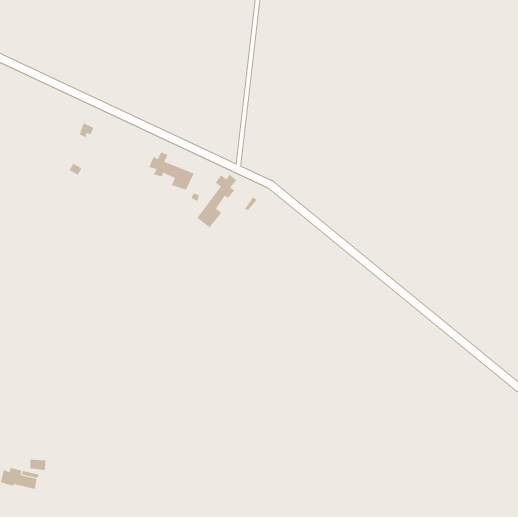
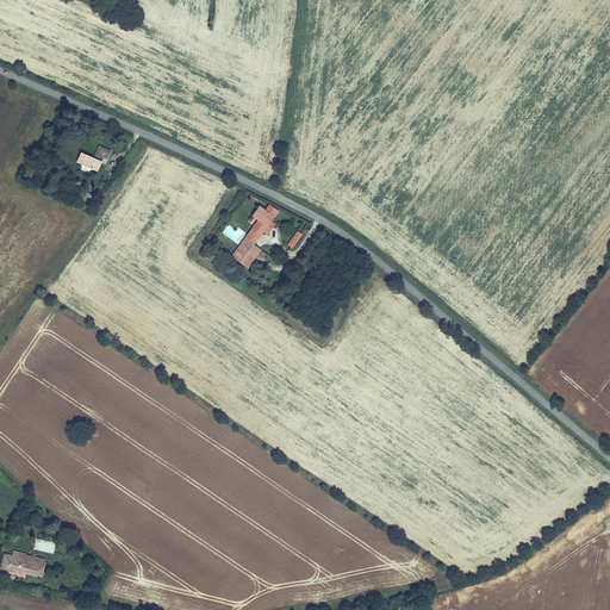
building: [149,152,194,190] -> none

